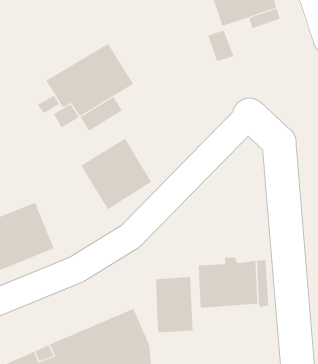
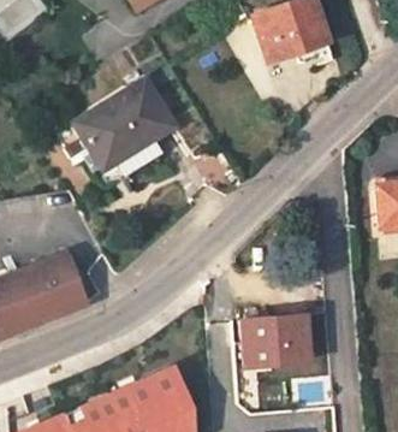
building: [80,138,152,210] -> none
building: [155,276,193,333] -> none

